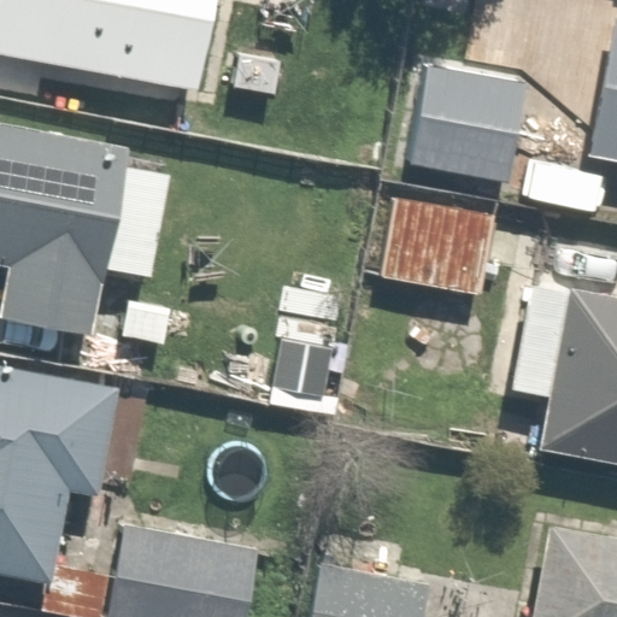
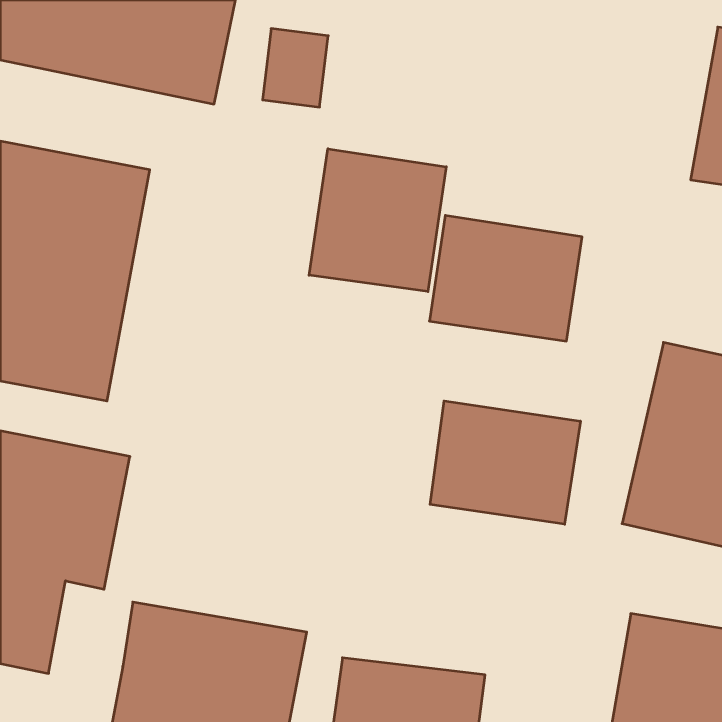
building: [407,61,523,180] -> none
building: none -> [309,149,446,292]
building: none -> [430,401,580,524]

